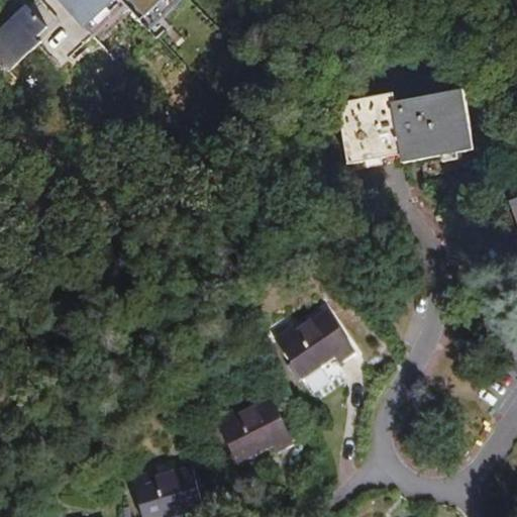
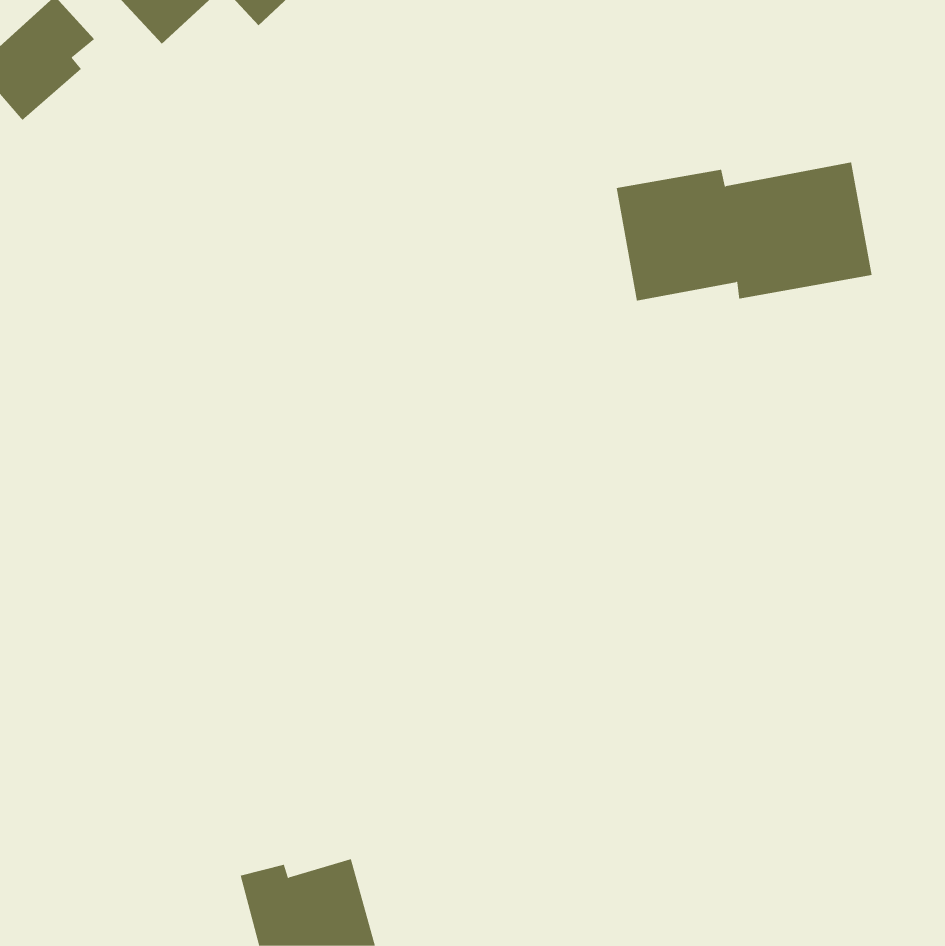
building: [273,310,355,381] -> none
building: [214,398,294,464] -> none

